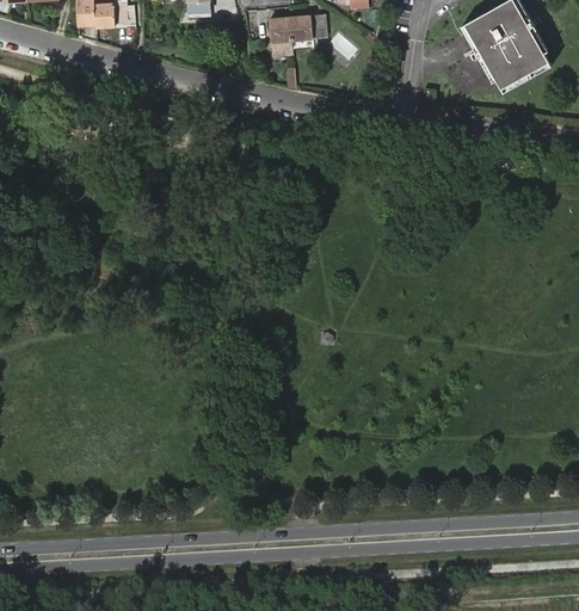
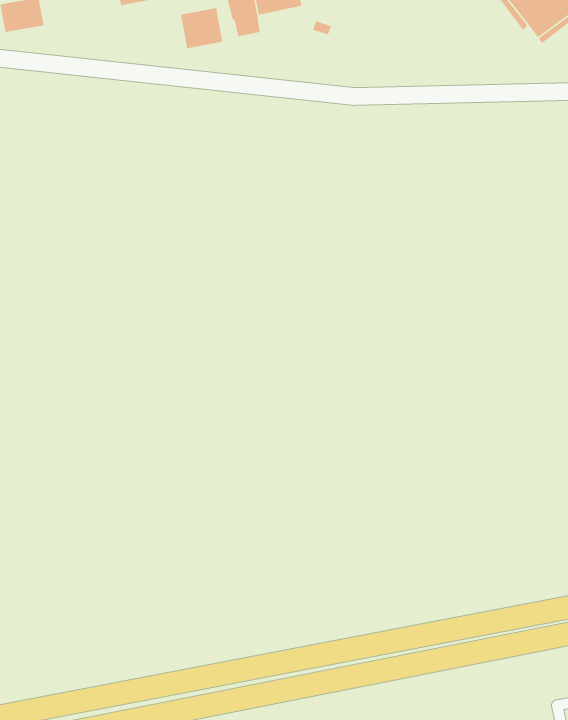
building: none -> [180,7,223,49]

